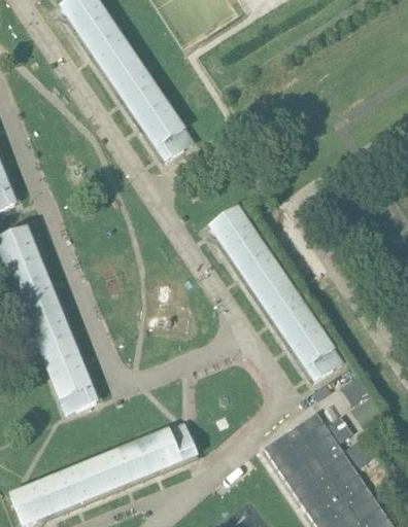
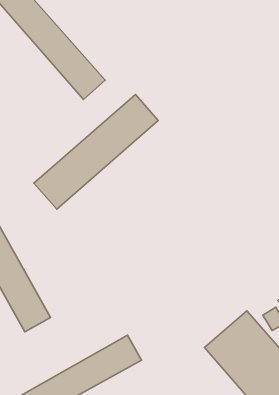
building: none -> [34,94,158,209]
building: [212,208,340,376] -> none

